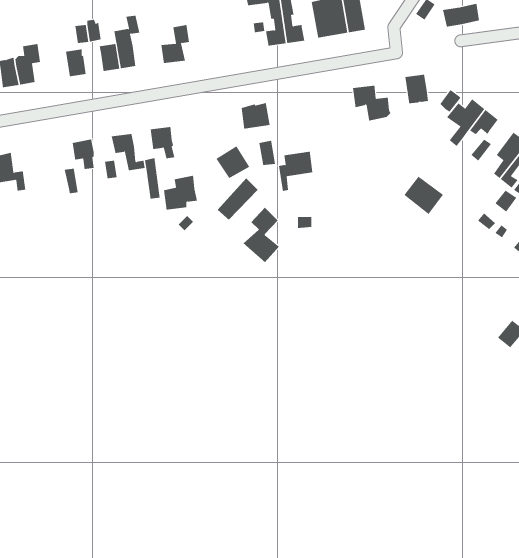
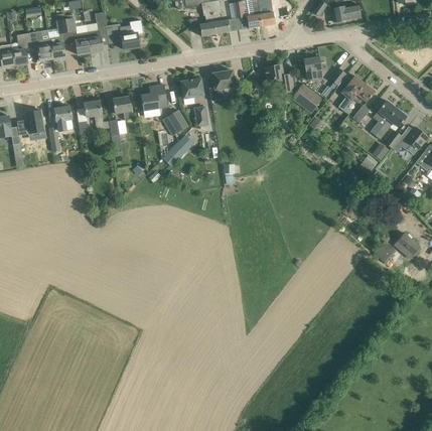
building: none -> [29,31,52,60]
building: none -> [17,109,44,148]
building: [278,151,313,191] -> [208,69,235,100]
building: [163,175,198,210] -> [141,84,167,110]
building: [403,176,444,215] -> [292,84,322,113]
building: [242,207,280,263] -> none

